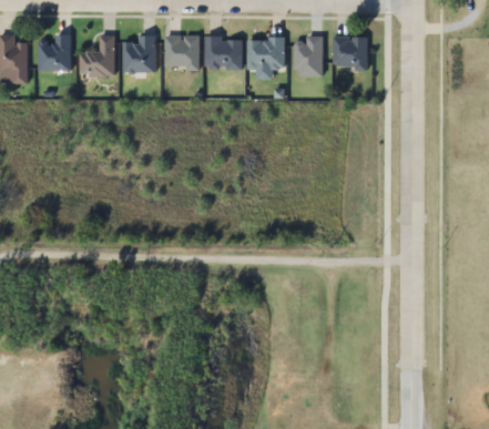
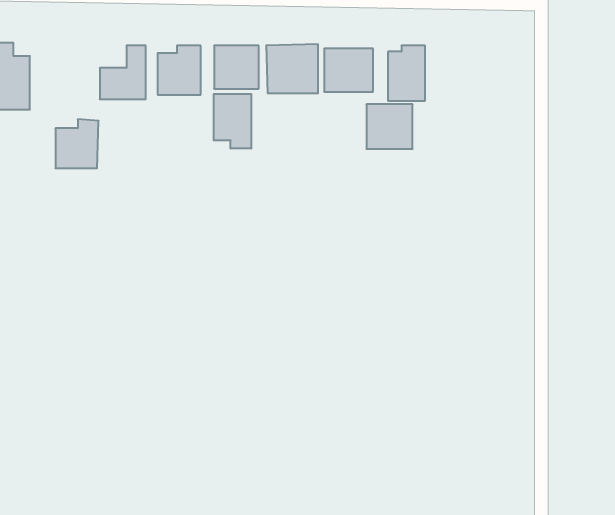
building: [39,34,71,71] -> [55,119,99,168]
building: [333,37,367,70] -> [366,104,413,149]
building: none -> [214,94,251,149]

